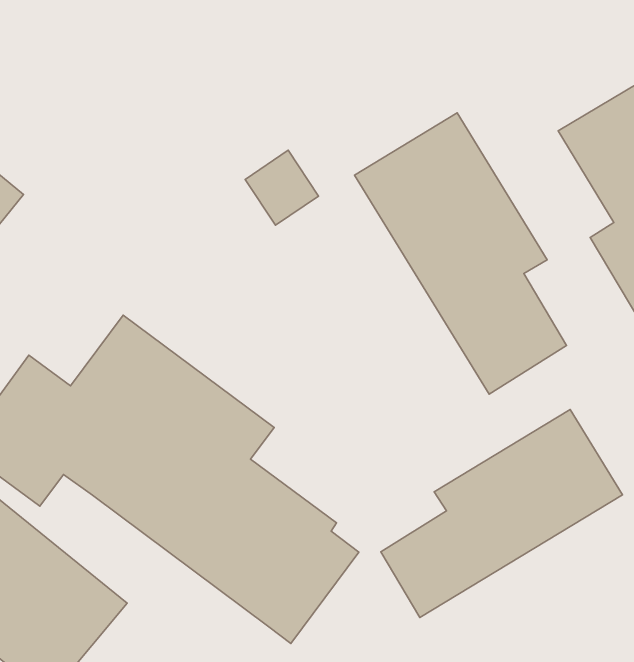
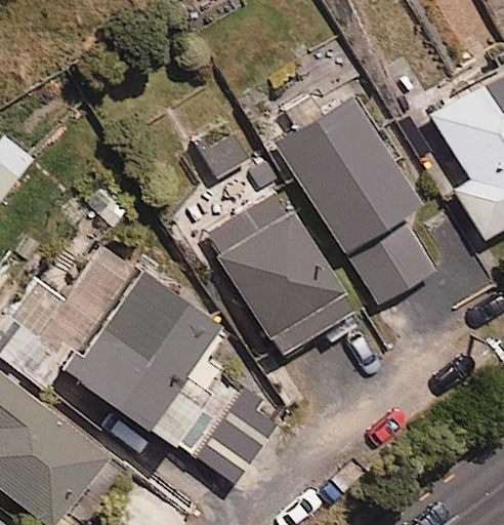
building: none -> [202,189,353,358]
building: [381,409,622,617] -> none

